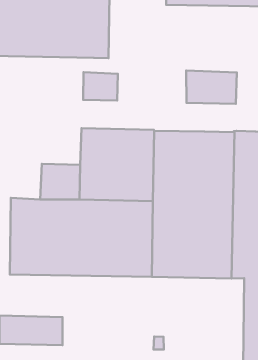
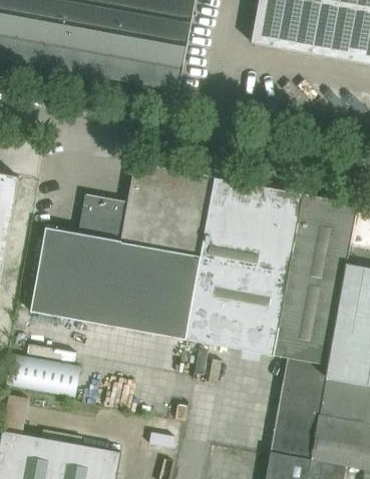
building: [186,71,237,104] -> none
building: [83,72,118,101] -> none

